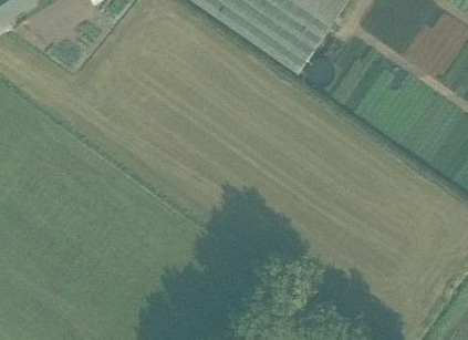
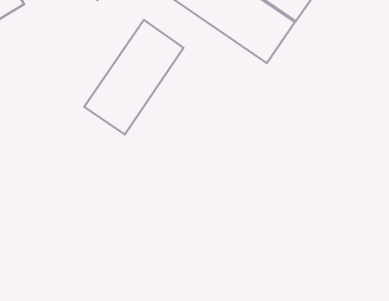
building: none -> [84,20,184,135]

